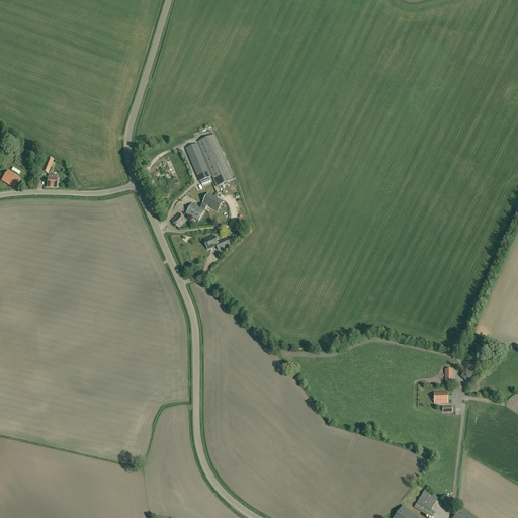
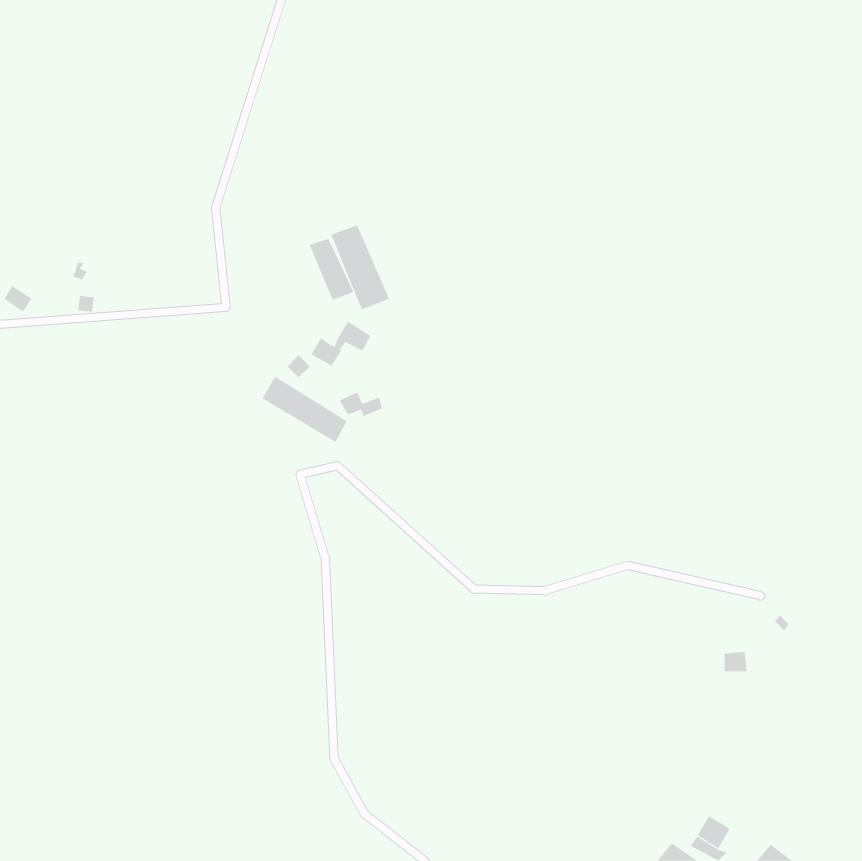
building: none -> [261,376,348,443]

